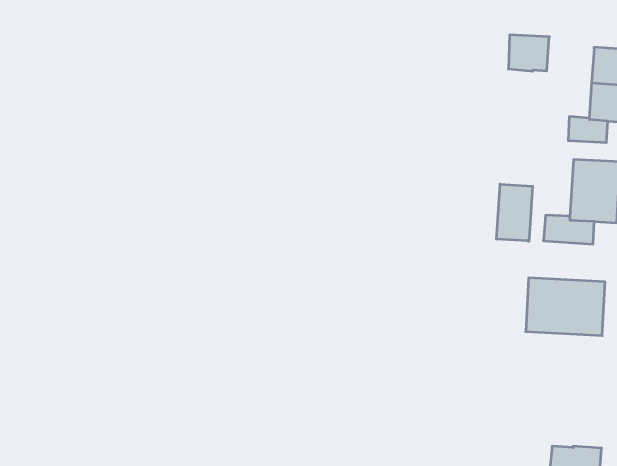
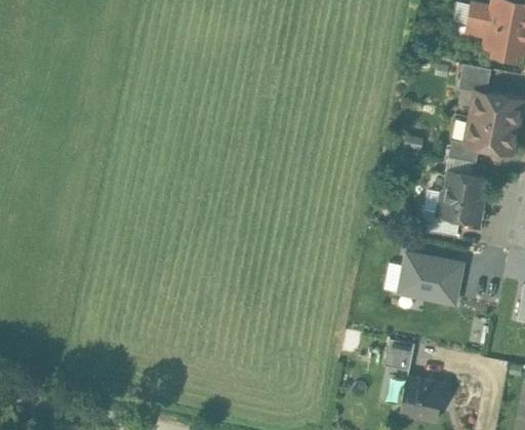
building: [508,35,549,71] -> [459,65,492,94]
building: [496,184,533,241] -> none
building: none -> [386,341,415,373]

